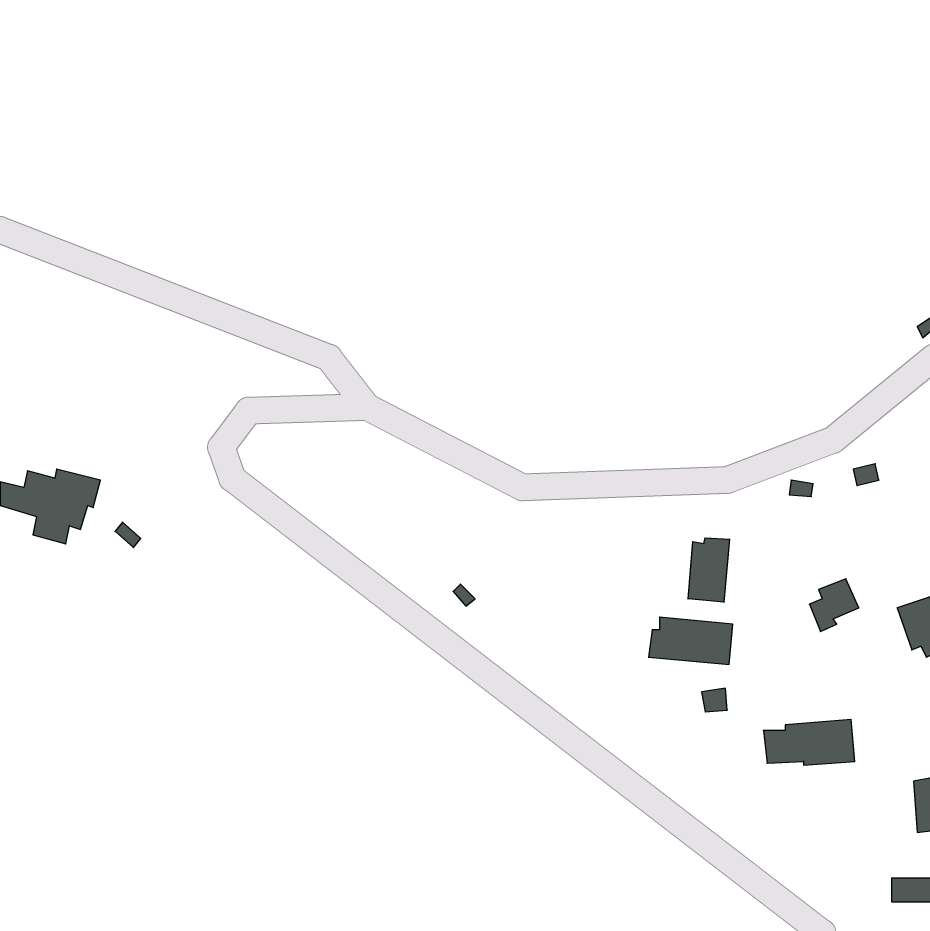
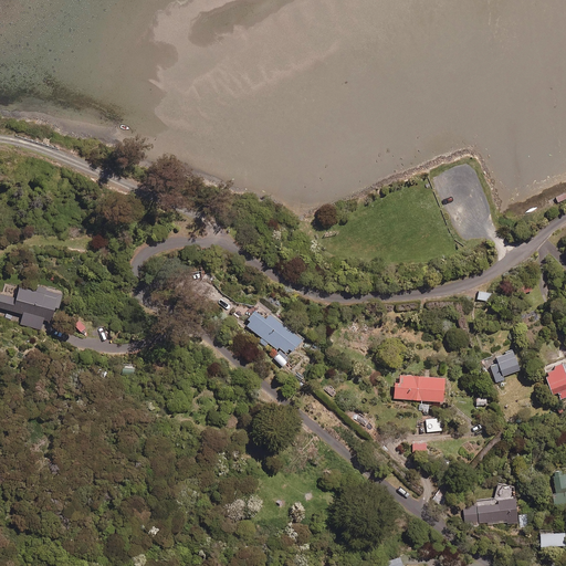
building: none -> [248,310,303,354]
building: [688,538,730,602] -> none
building: [763,719,855,765] -> [464,497,520,525]

